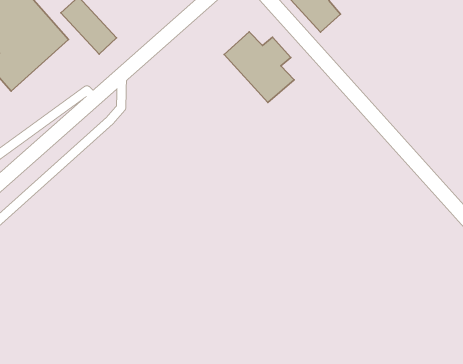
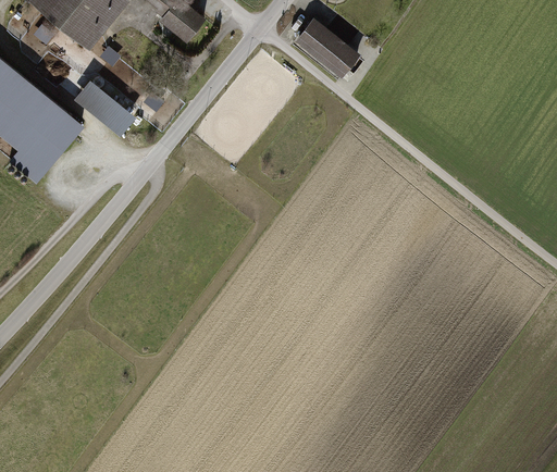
building: [224,32,294,103] -> none

